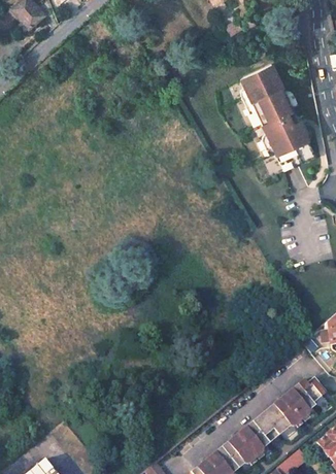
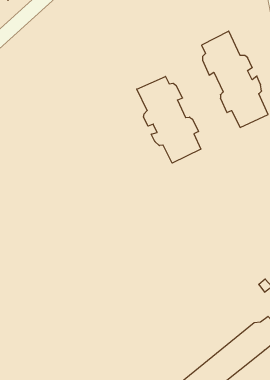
building: none -> [137,76,201,163]

